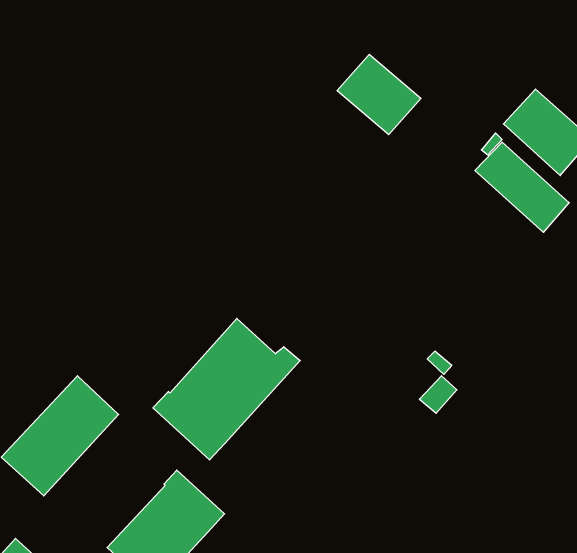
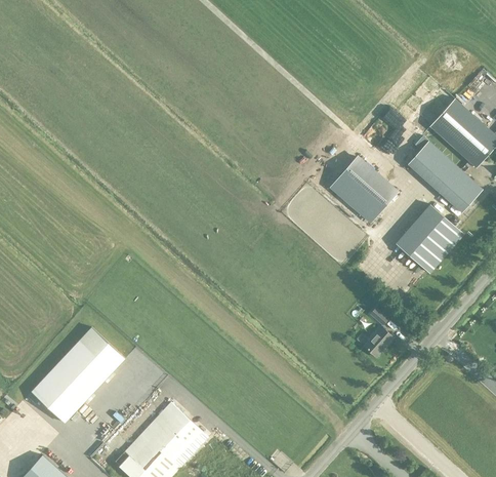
building: [337,54,421,135] -> [330,158,397,222]
building: none -> [396,205,463,274]
building: [153,318,300,460] -> none

